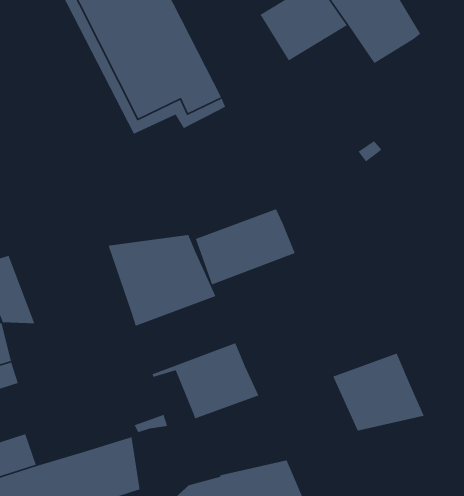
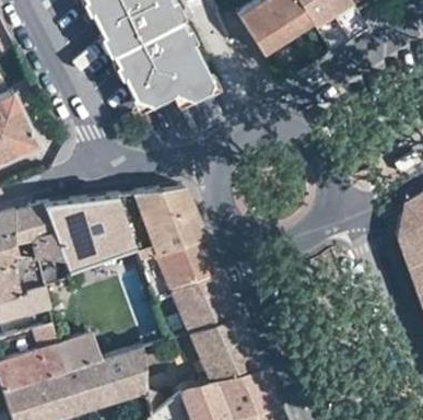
building: [195,208,296,285] -> [141,237,221,299]
building: none -> [42,197,138,272]
building: [332,353,425,431] -> [188,316,261,378]
building: none -> [55,334,101,371]

